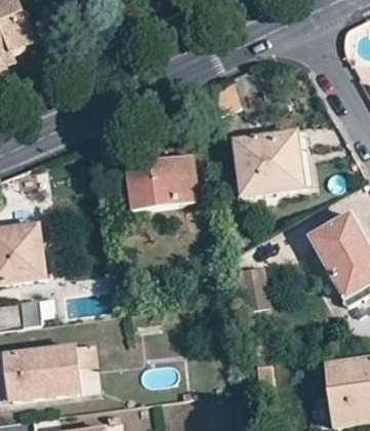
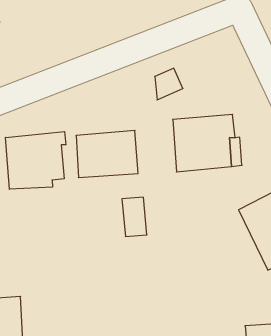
building: none -> [6,132,66,189]
building: [238,268,268,312] -> [122,197,147,236]

